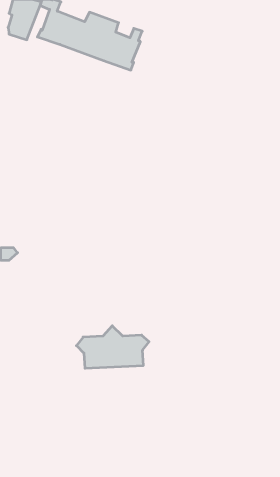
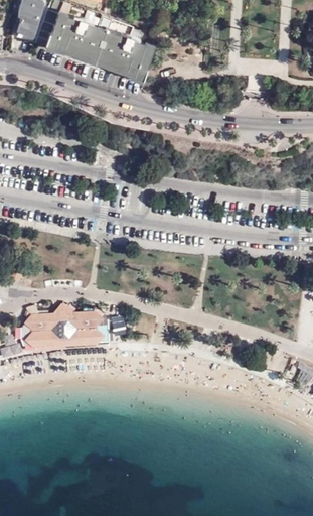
building: [76,326,149,368] -> [22,303,100,349]

